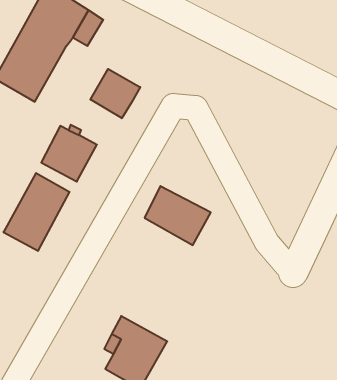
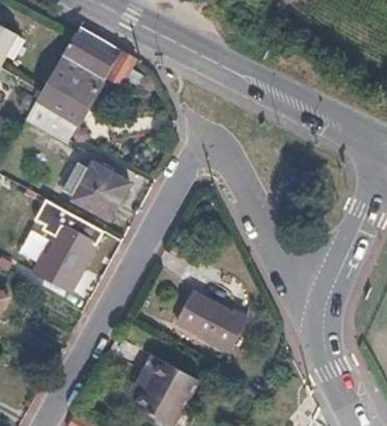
building: [90,69,140,118] -> none
building: [145,186,211,245] -> [174,293,240,351]

